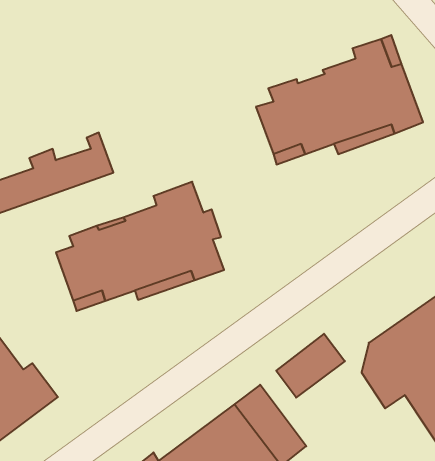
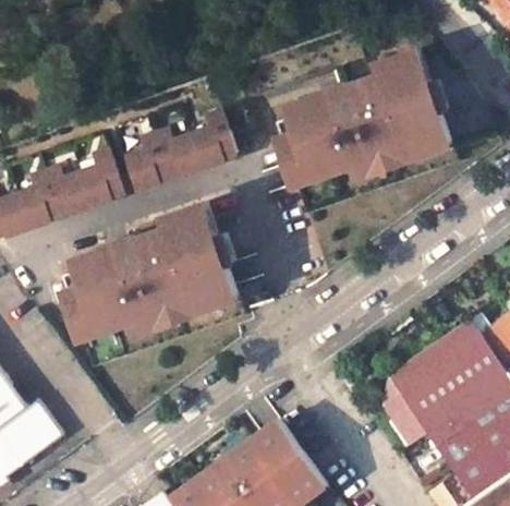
building: none -> [126,111,235,189]
building: [276,334,345,398] -> none

